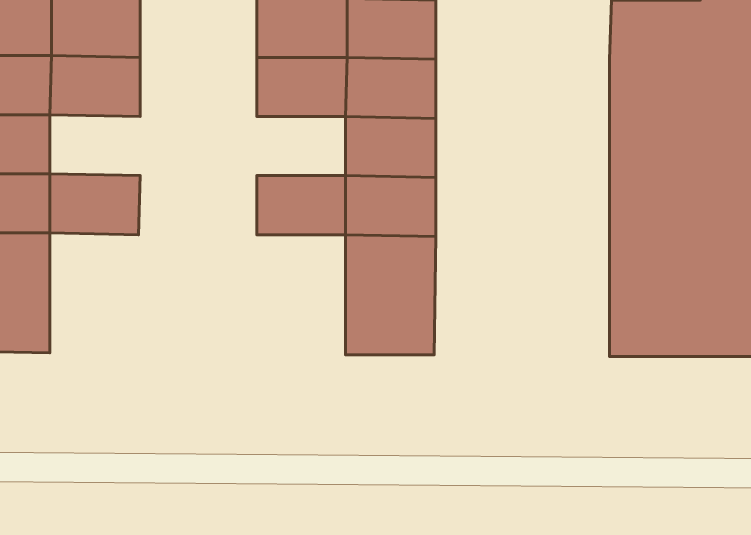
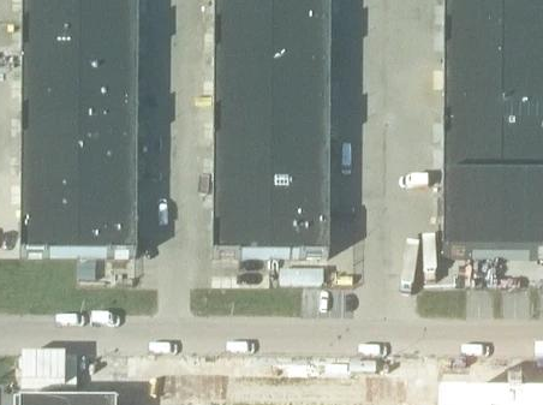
building: none -> [80,100,139,139]
building: none -> [215,101,273,139]
building: none -> [80,177,138,255]
building: none -> [214,178,273,256]

